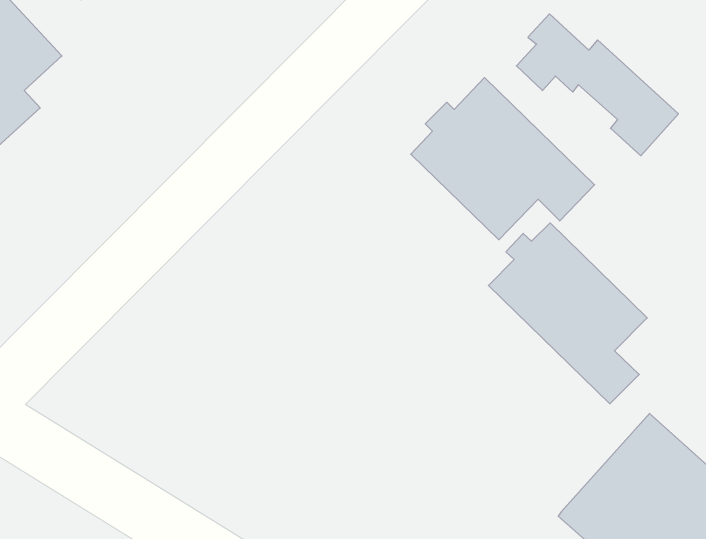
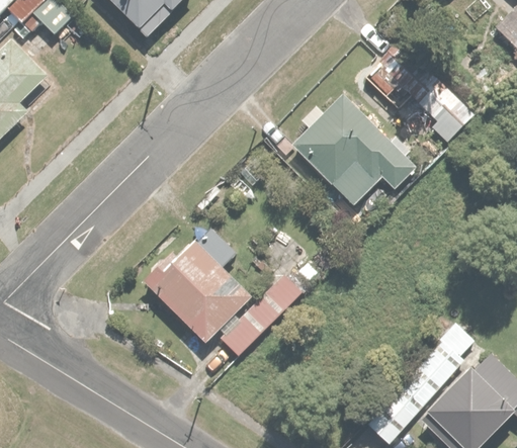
building: [488,223,647,404] -> none
building: none -> [142,243,309,356]

